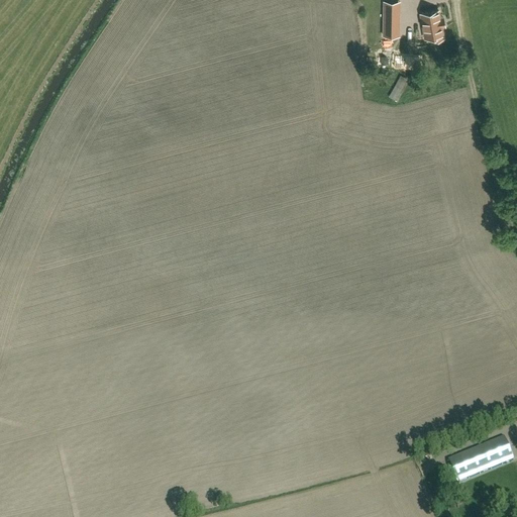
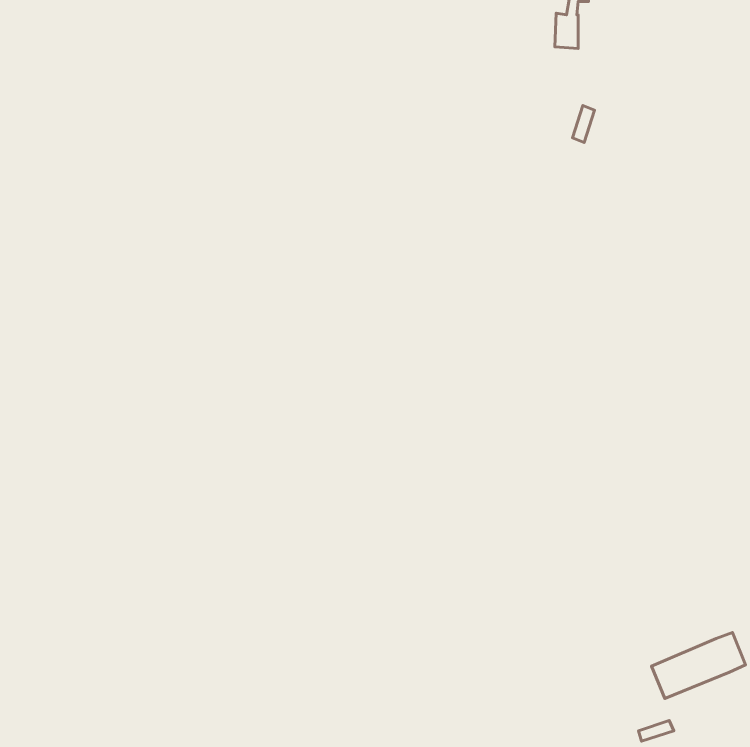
building: [421,8,444,38] -> none

